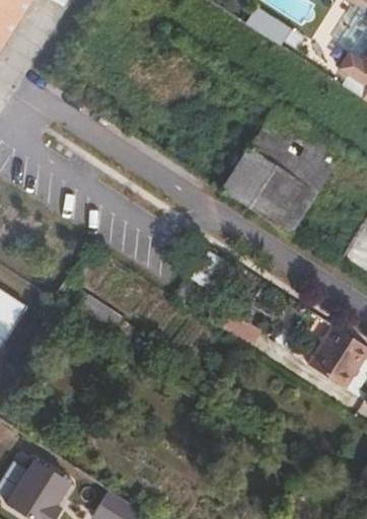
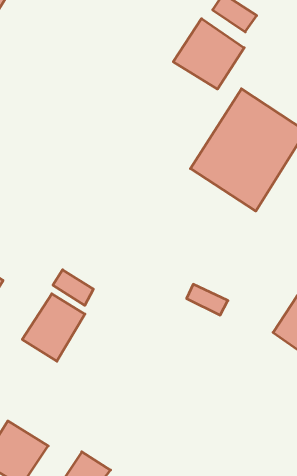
building: none -> [173,19,244,89]
building: none -> [22,294,85,361]

